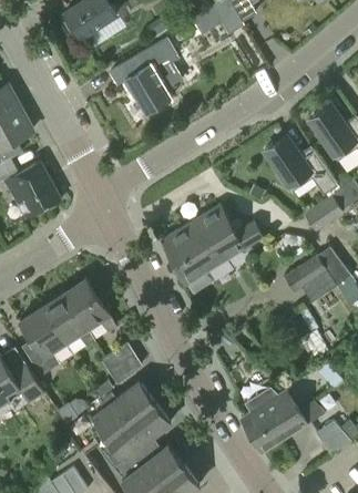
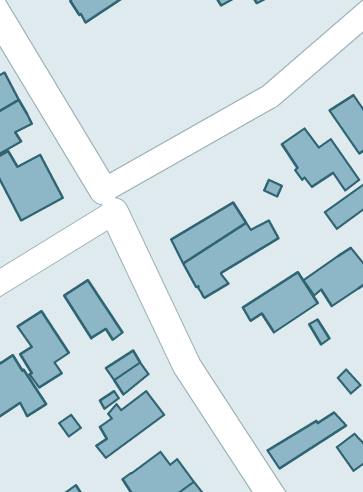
building: [111,39,184,115] -> none
building: none -> [243,272,318,333]
building: [41,292,95,348] -> none
building: [241,388,297,436] -> none
building: [101,403,171,458] -> none

